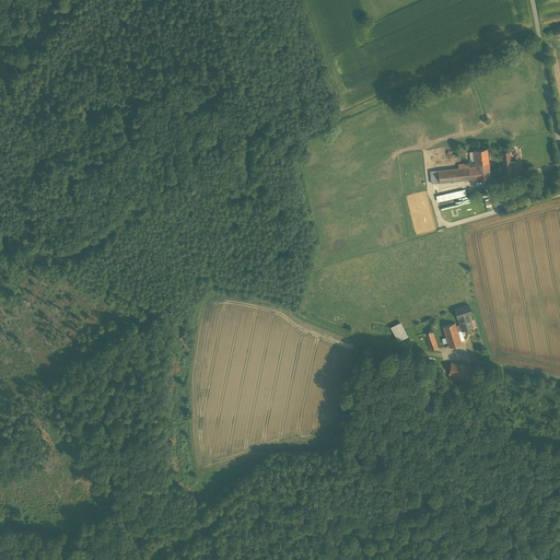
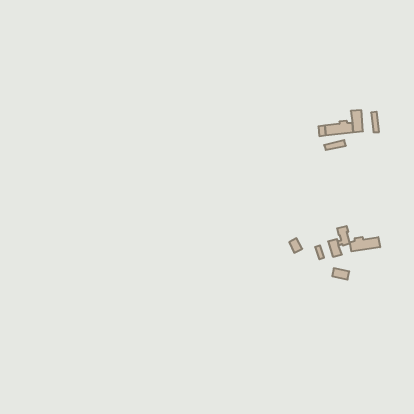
building: none -> [350,237,380,251]

